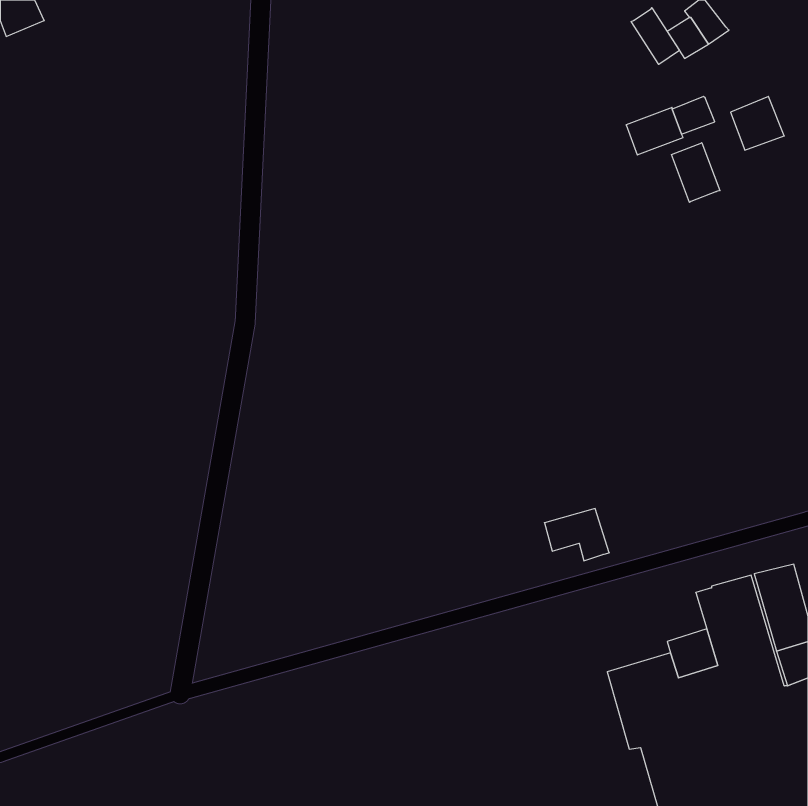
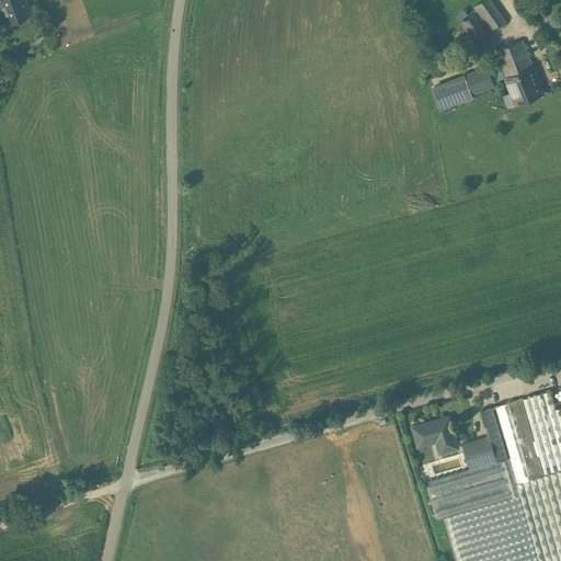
building: [631,8,680,64] -> none
building: none -> [495,42,533,79]
building: [671,143,720,202] -> none
building: [544,509,609,561] -> [413,417,458,454]

